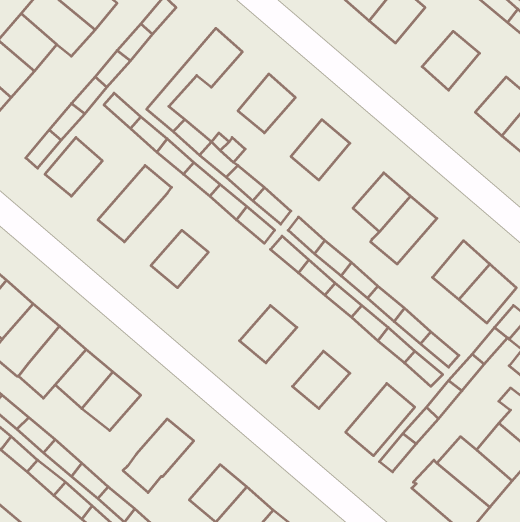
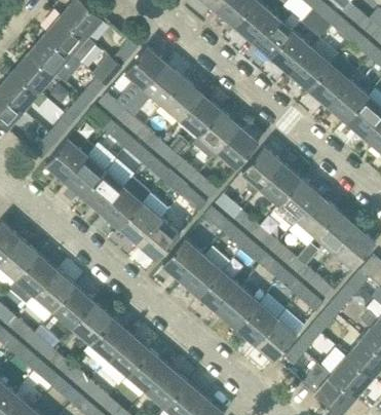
building: none -> [99,47,165,119]
building: none -> [291,48,331,89]
building: none -> [162,79,202,120]
building: none -> [328,80,368,121]
building: none -> [193,111,239,159]
building: none -> [65,142,116,196]
building: none -> [241,147,282,196]
building: none -> [102,178,150,228]
building: none -> [289,195,338,247]
building: none -> [139,219,180,260]
building: none -> [163,239,203,280]
building: none -> [200,271,240,312]
building: none -> [237,295,284,344]
building: none -> [91,318,131,360]
building: none -> [122,350,168,399]

